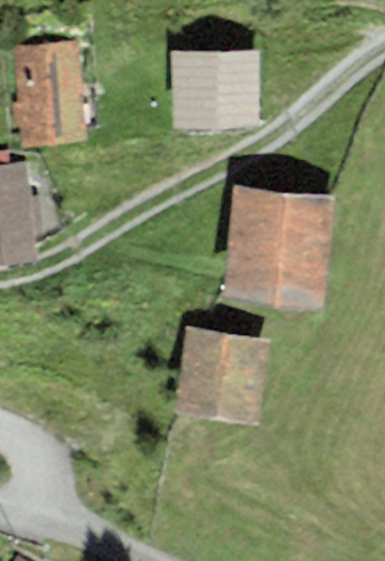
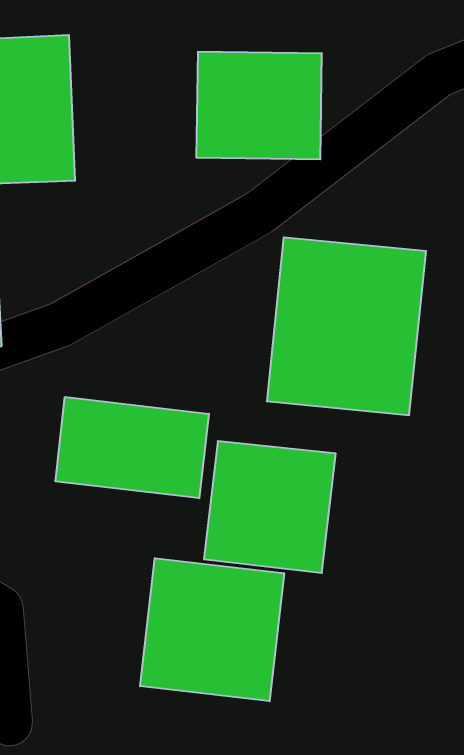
building: none -> [55,397,209,498]
building: none -> [140,558,284,701]

